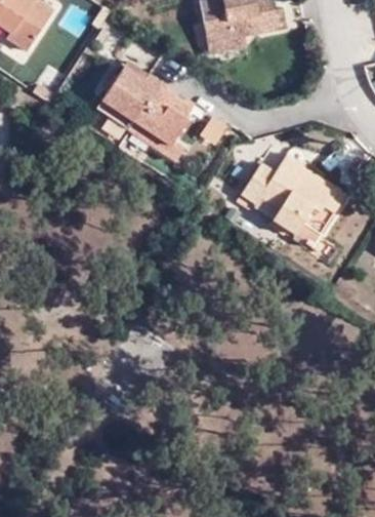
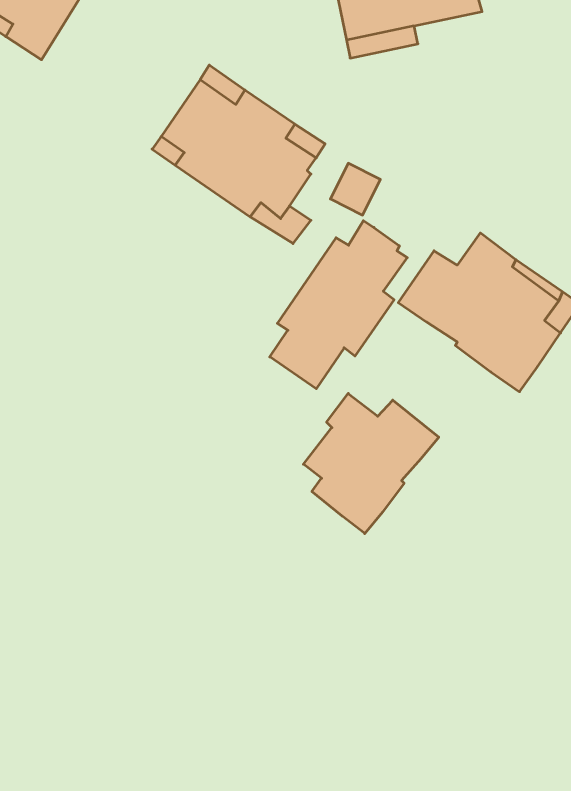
building: none -> [270,221,407,389]
building: none -> [303,393,439,534]

